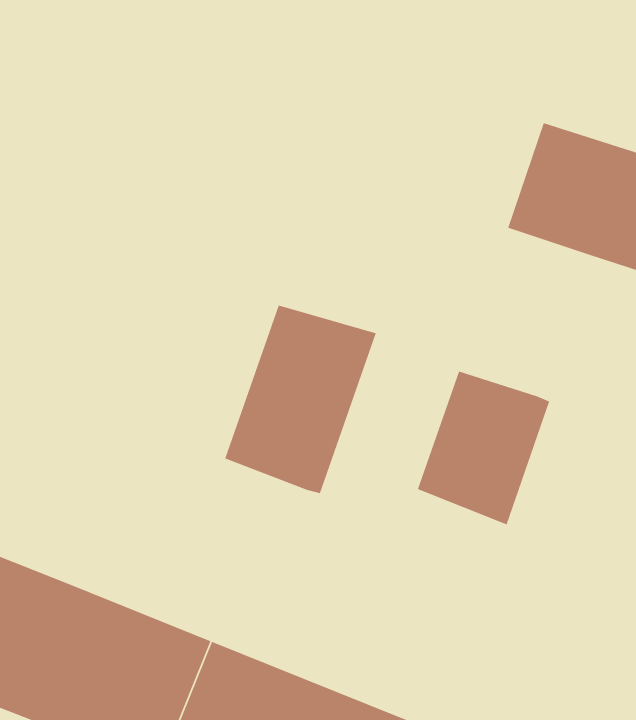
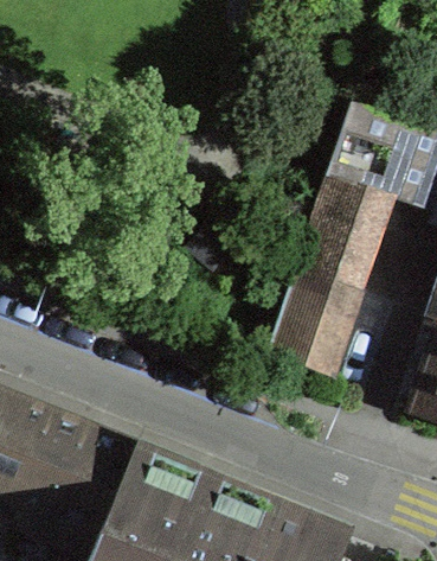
building: none -> [302,180,387,291]
building: [224,304,377,494] -> none

